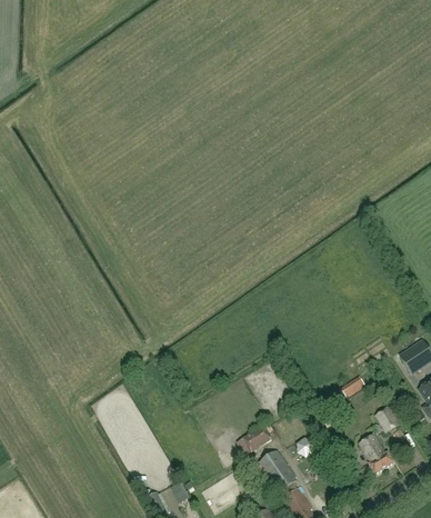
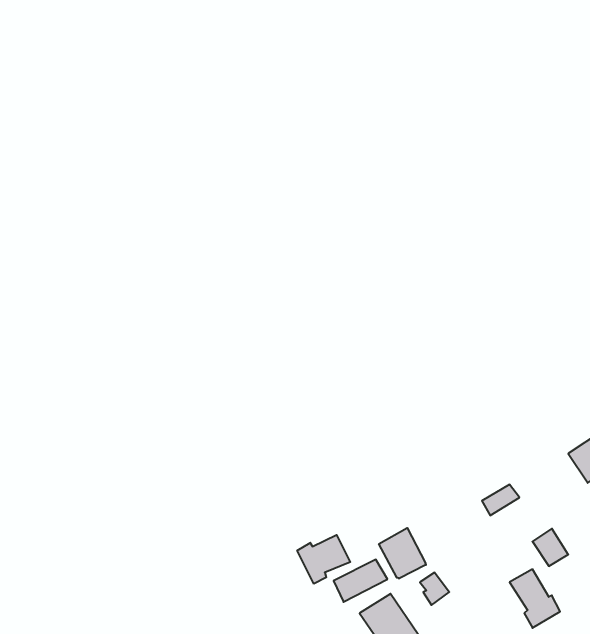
building: none -> [379,528,426,579]
building: none -> [297,535,350,584]

